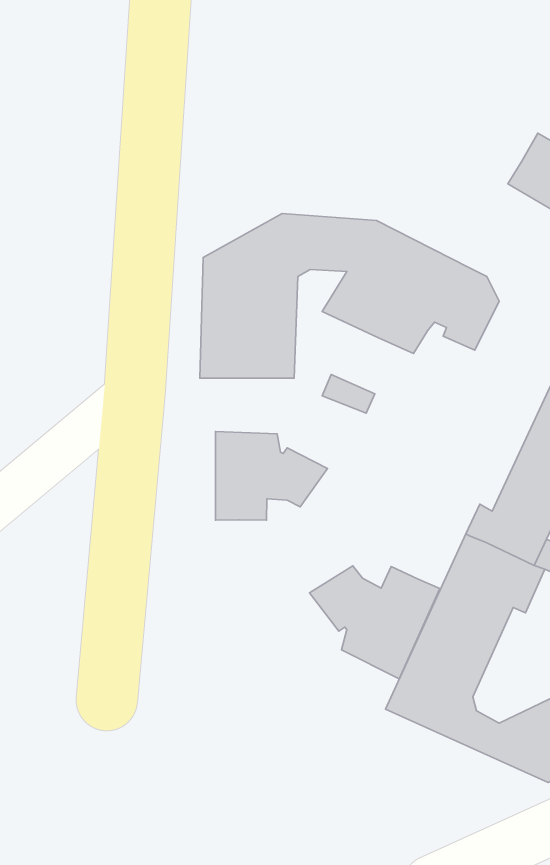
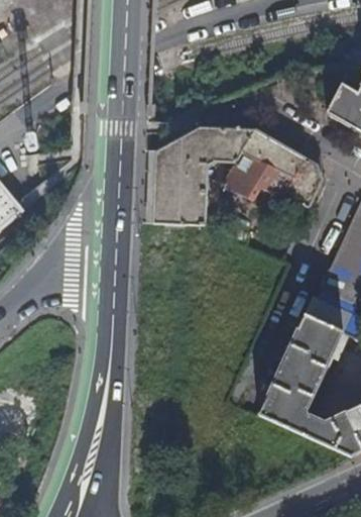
building: [216,431,328,520] -> none
building: [309,566,440,679] -> none

